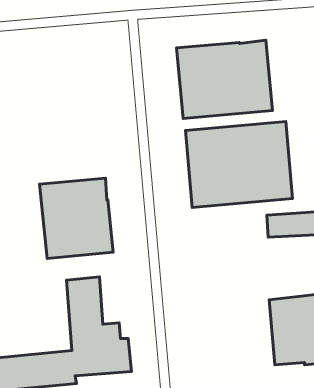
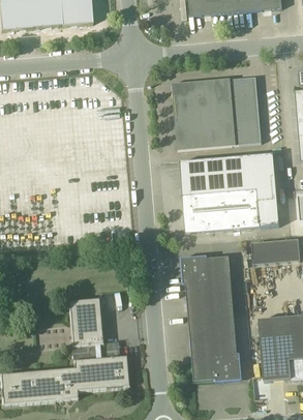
building: [40,178,113,258] -> none
building: none -> [184,257,239,381]

